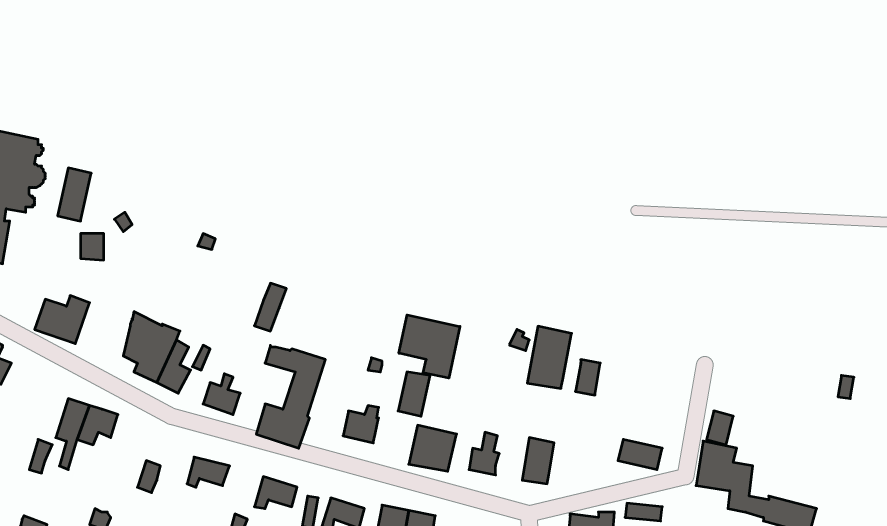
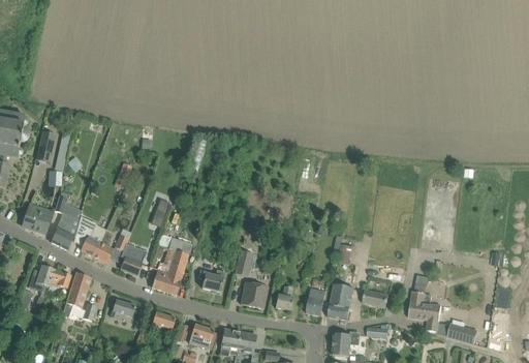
building: none -> [51,195,79,249]
building: [399,315,460,378] -> none
building: [527,326,572,388] -> [328,283,353,320]
building: none -> [61,272,91,317]

